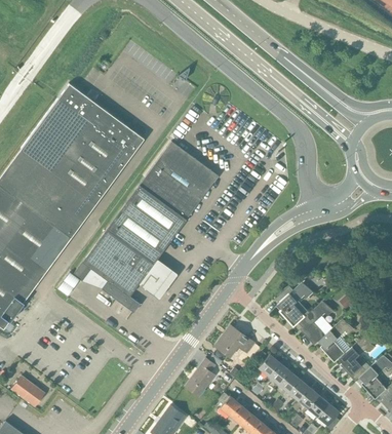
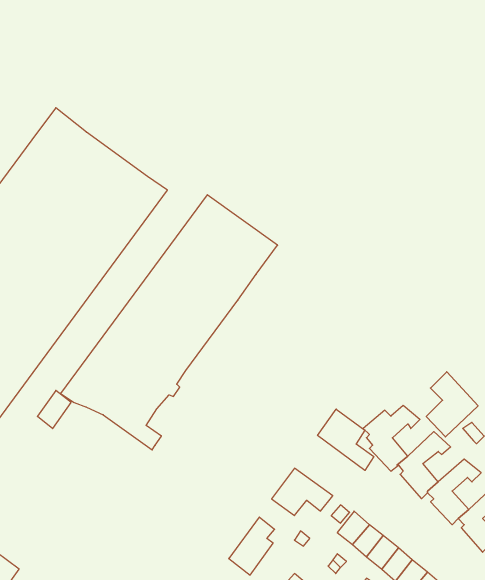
building: [138,260,177,301] -> none
building: none -> [426,372,478,437]
building: none -> [318,409,374,470]

